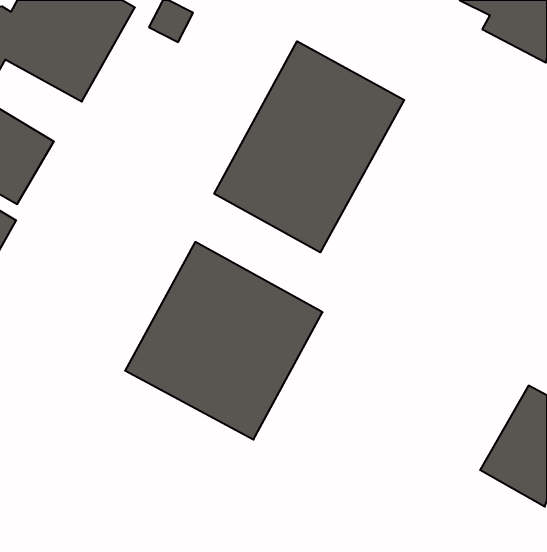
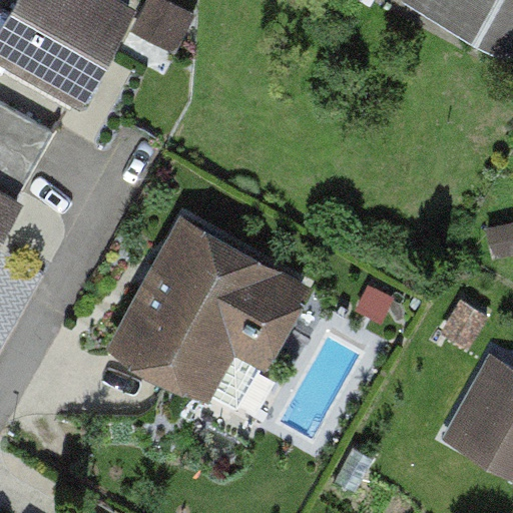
building: [214,41,404,252] -> none

